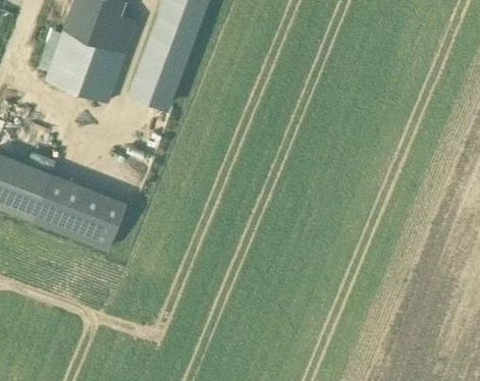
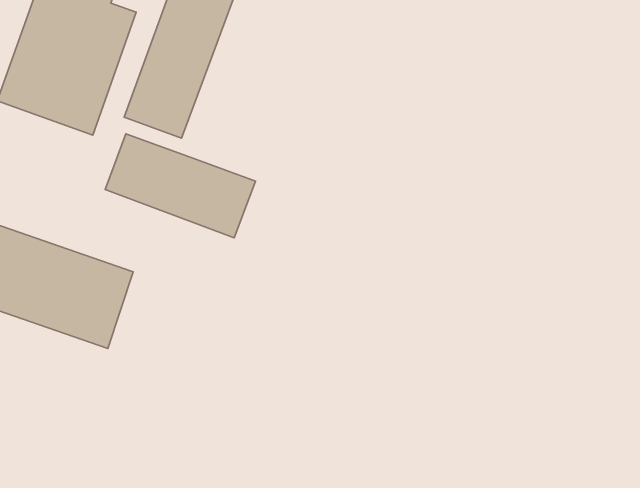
building: none -> [105,134,256,238]

